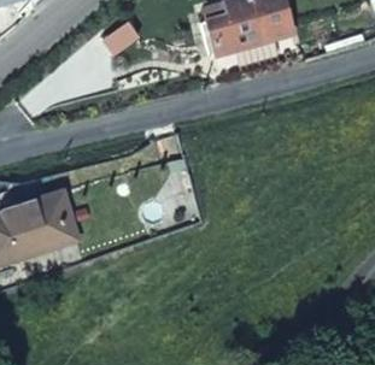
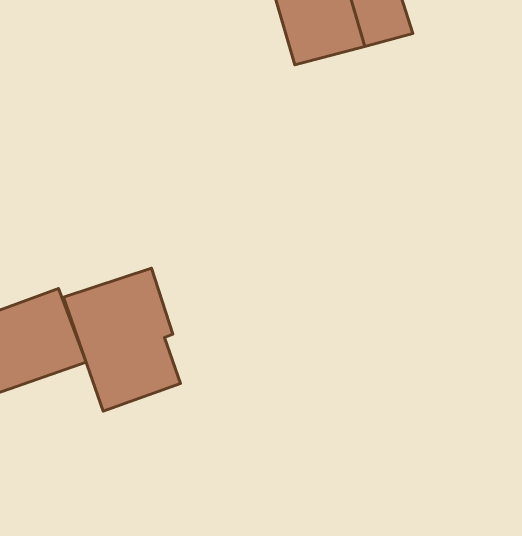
building: none -> [64,268,181,411]

